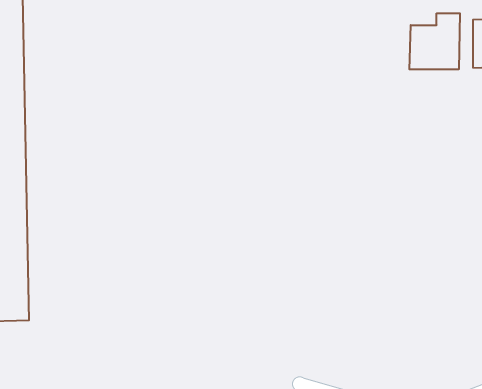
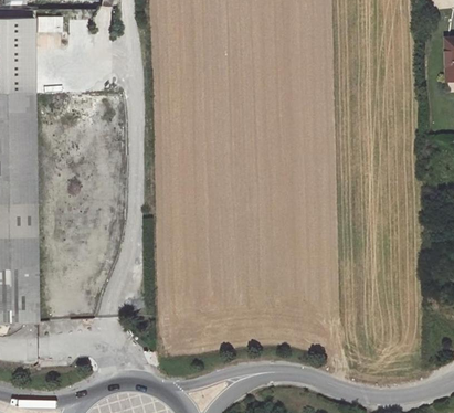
building: [409,13,460,69] -> none

